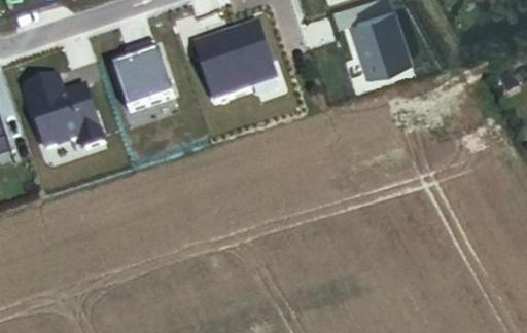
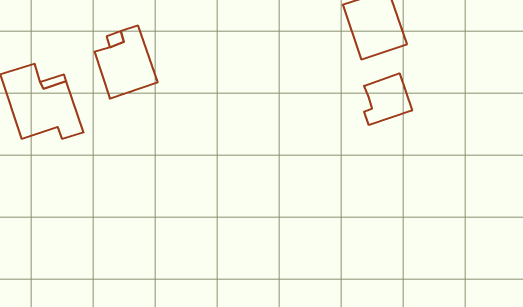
building: [196,24,278,100] -> none
building: none -> [364,73,412,125]

